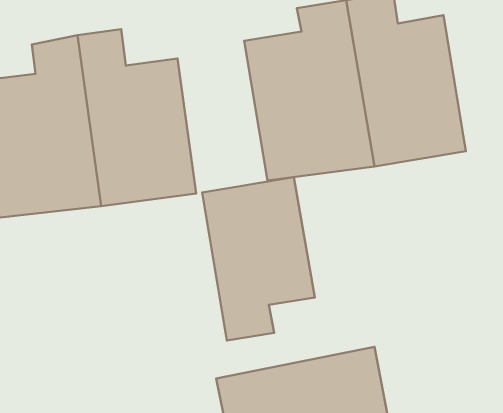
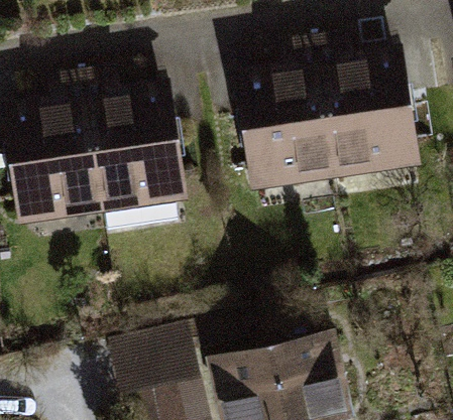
building: [202,177,315,340] -> none
building: none -> [113,323,183,384]

